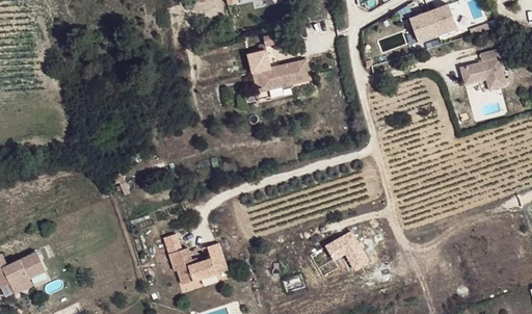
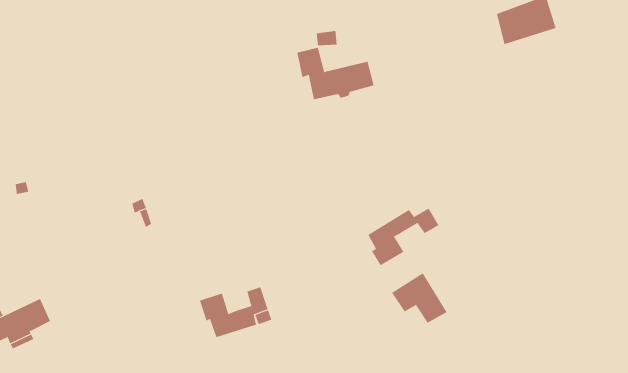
building: [454,51,500,94] -> none
building: none -> [367,208,439,266]

